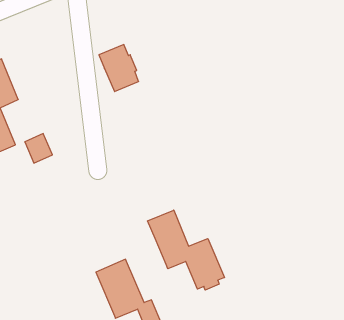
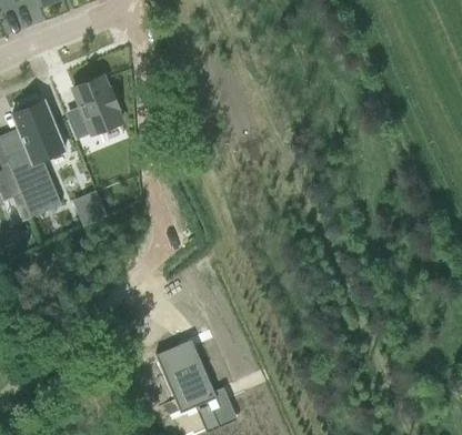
building: [99,45,139,92] -> [72,78,120,134]
building: [147,210,224,290] -> none

